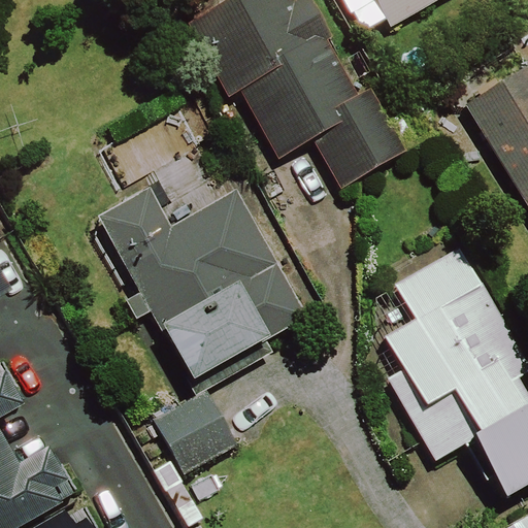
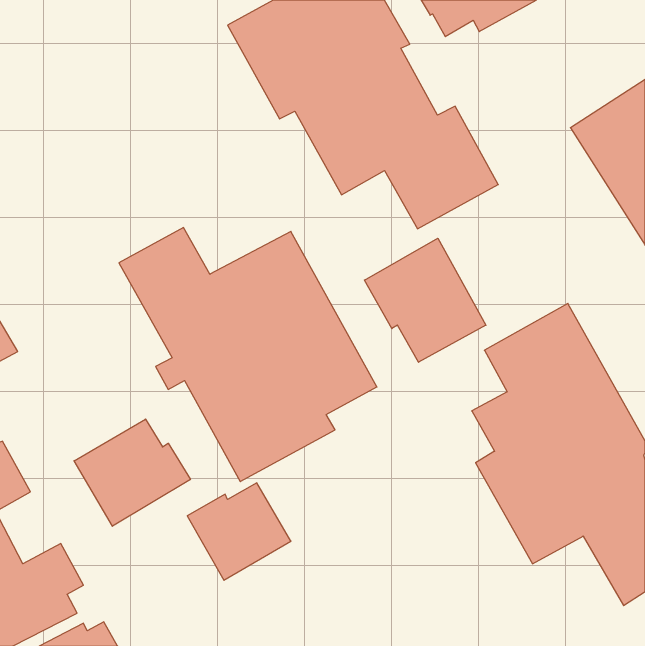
building: none -> [364,238,486,362]
building: none -> [74,419,190,526]

